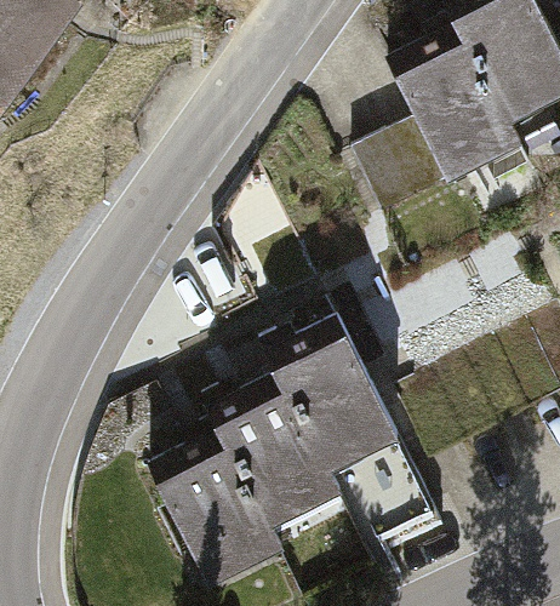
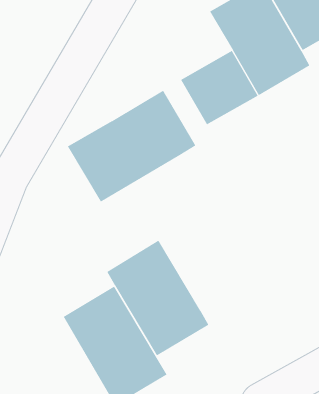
building: none -> [67,90,196,203]
building: [281,303,416,470] -> none

